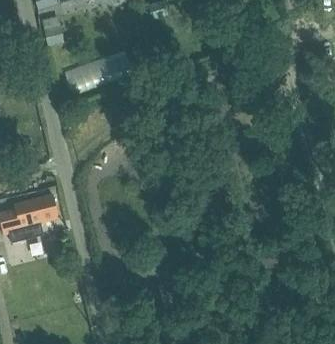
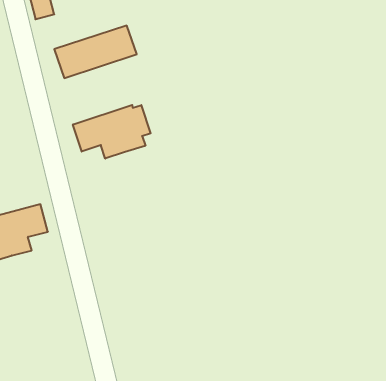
building: none -> [73,105,151,159]

